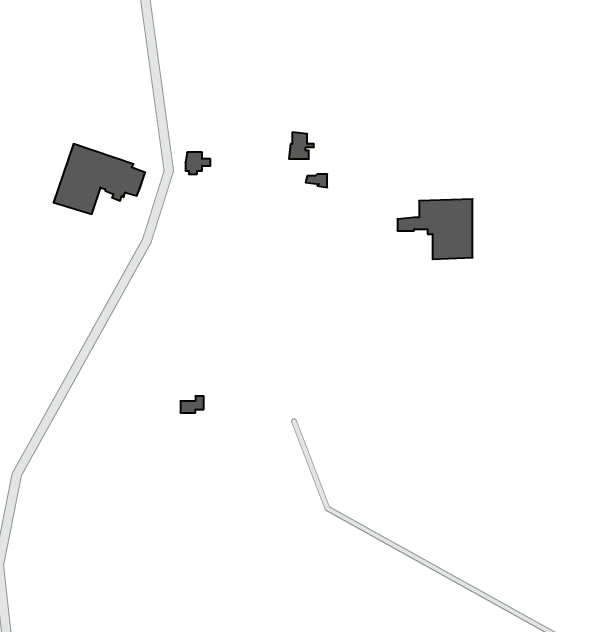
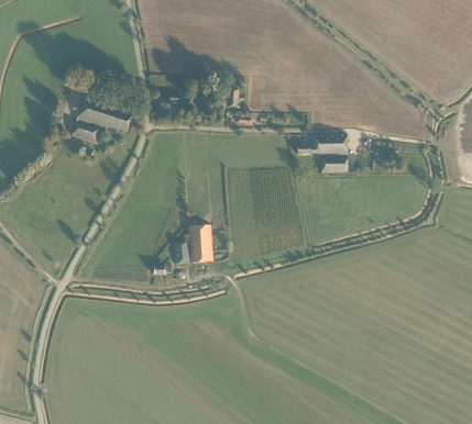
building: none -> [173,225,212,265]

